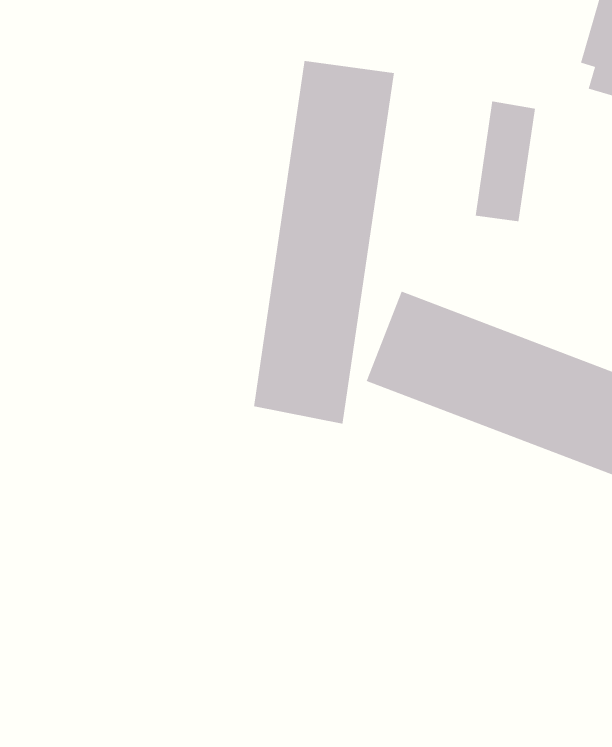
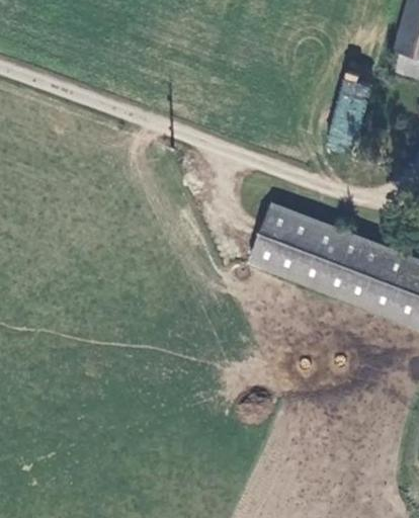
building: [253,60,394,425] -> none

